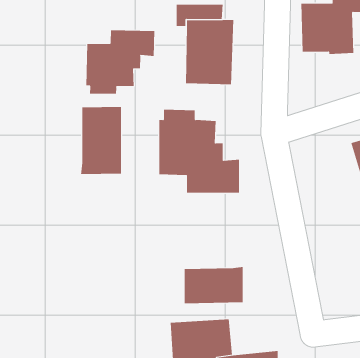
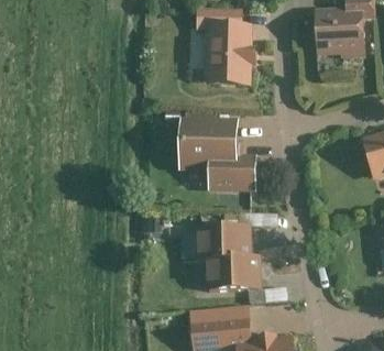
building: [86,29,155,94] -> none
building: [81,106,121,175] -> none
building: none -> [193,226,249,259]

